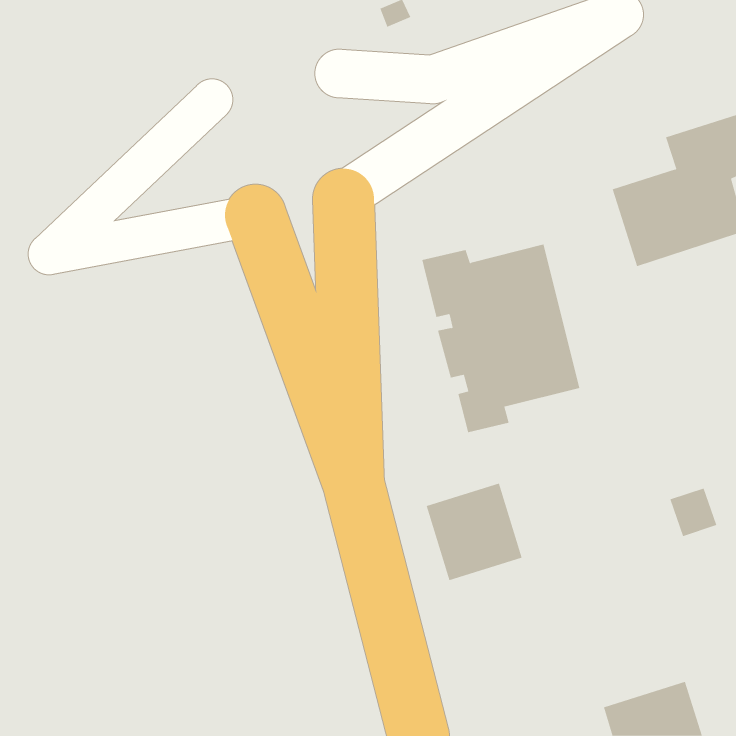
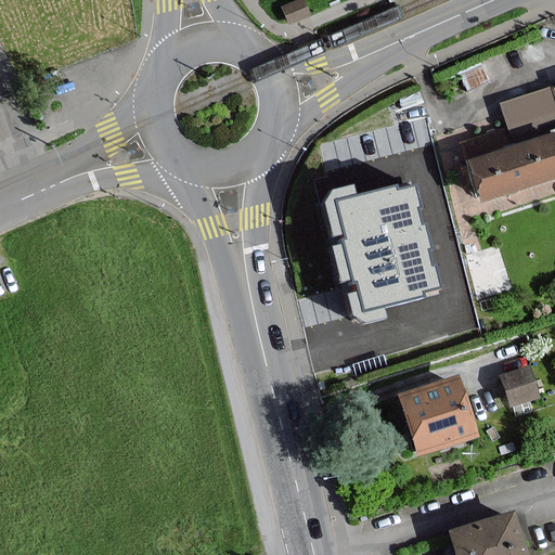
building: [426,483,523,581] -> [404,377,477,451]

